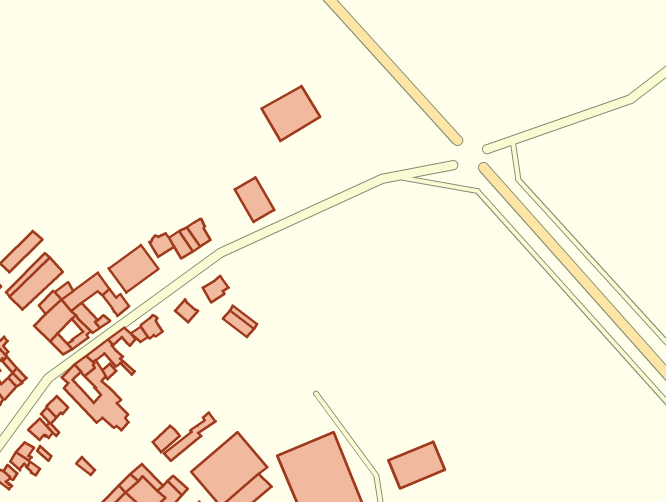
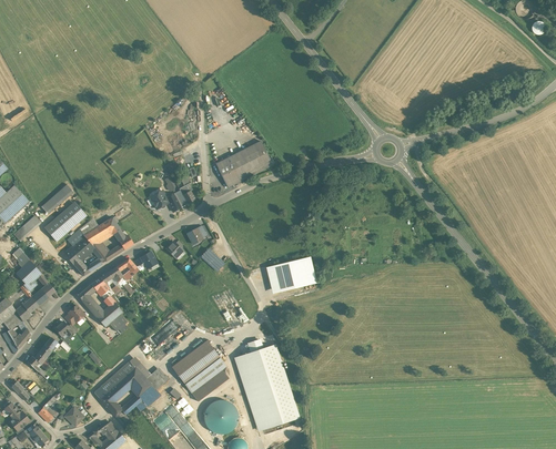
building: [262,86,320,141] -> [230,141,272,180]
building: [109,245,158,293] -> none
building: none -> [264,256,315,294]
building: [388,442,445,488] -> none

